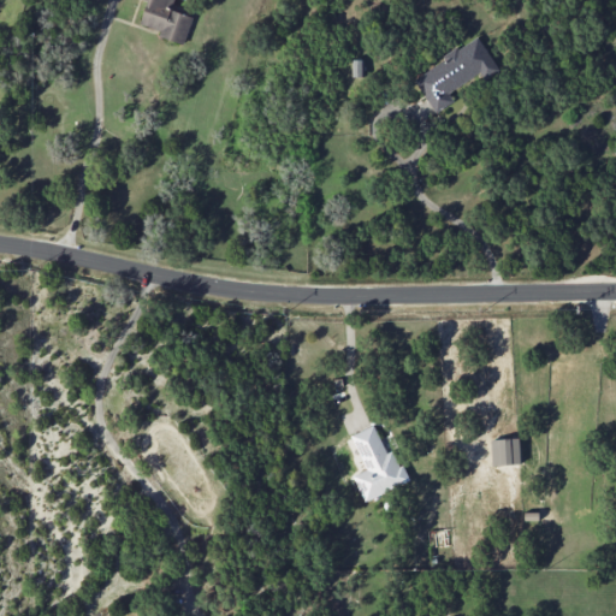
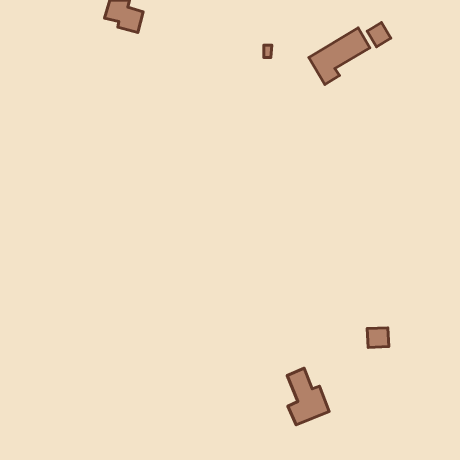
building: none -> [367,23,391,47]
building: [351,425,408,500] -> [287,368,329,425]

